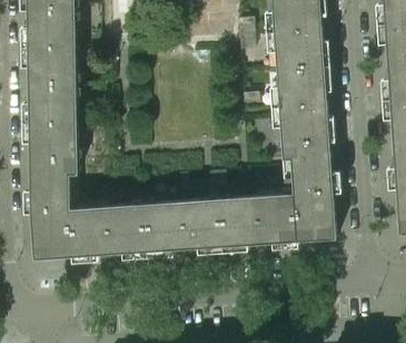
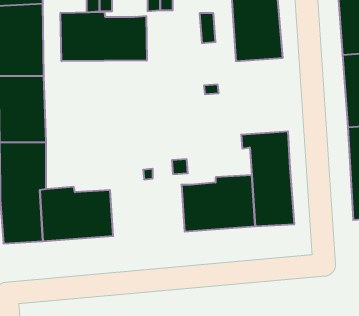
building: none -> [61,12,147,61]
building: [277,66,331,146] -> none
building: [146,198,224,252] -> none

